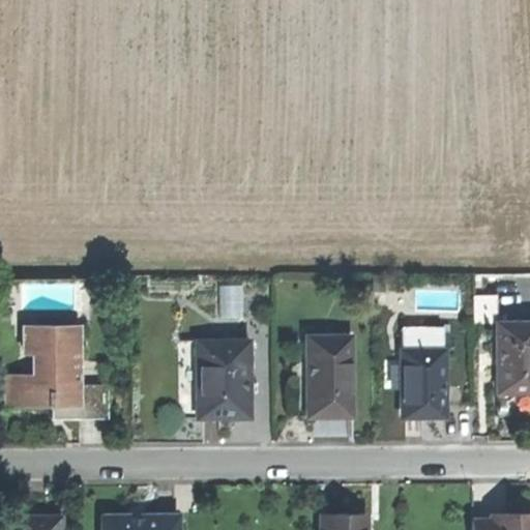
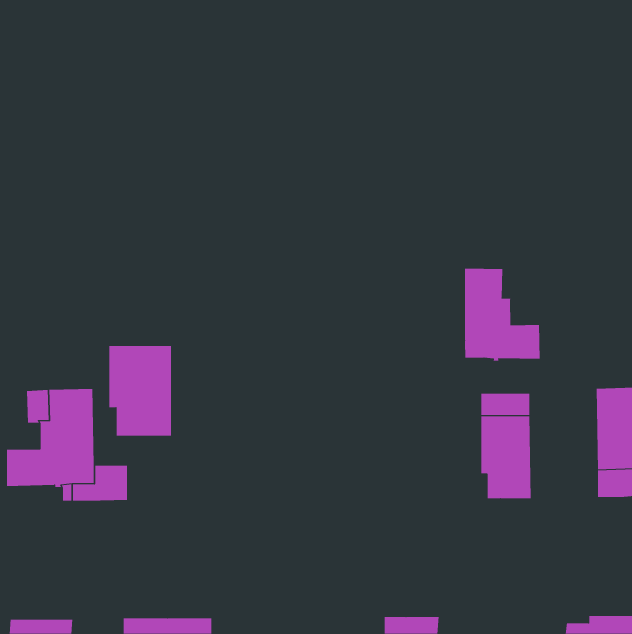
building: none -> [465,268,540,361]
building: [308,336,353,416] -> none
building: [198,342,251,417] -> [109,346,172,436]

